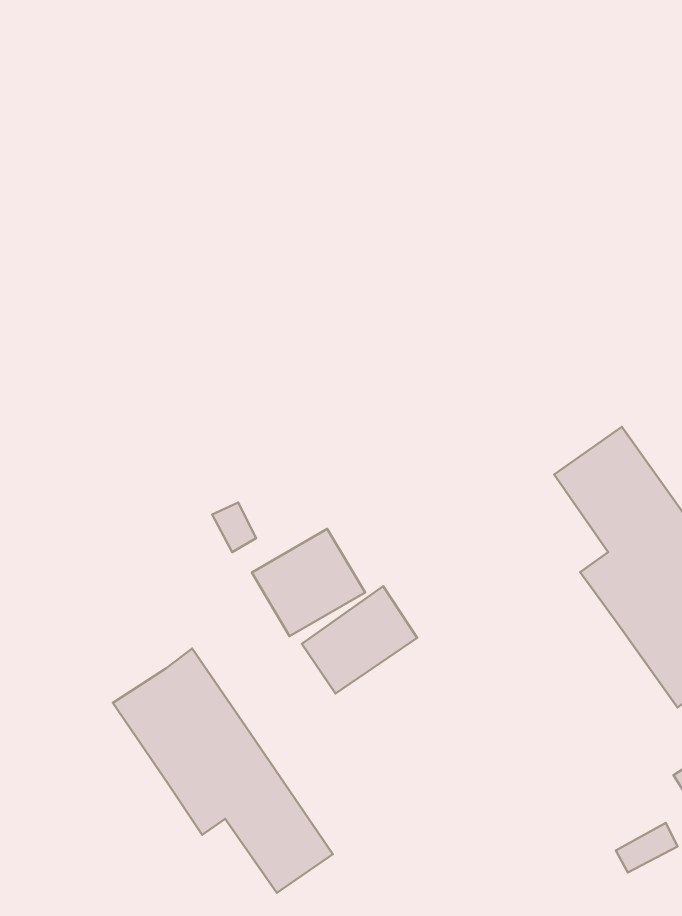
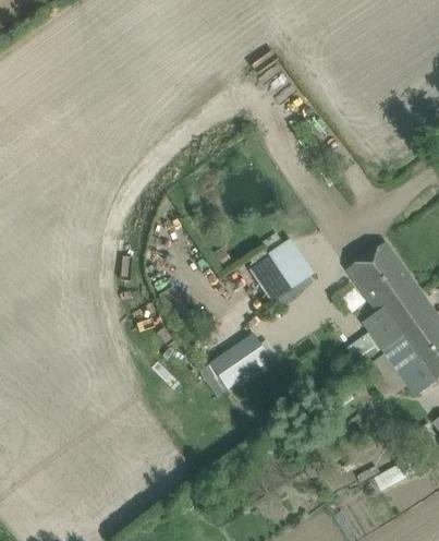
building: [252,529,365,636] -> [252,240,314,299]
building: [113,648,333,893] -> none

